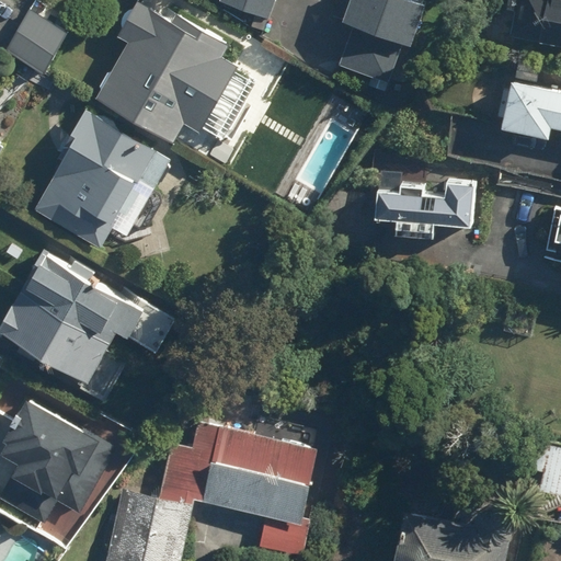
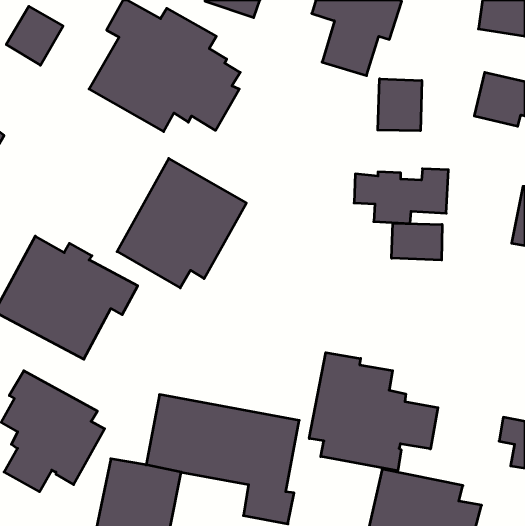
building: none -> [378,79,422,131]
building: [34,111,171,248] -> [117,158,246,288]
building: none -> [392,223,442,260]
building: none -> [309,353,438,471]

